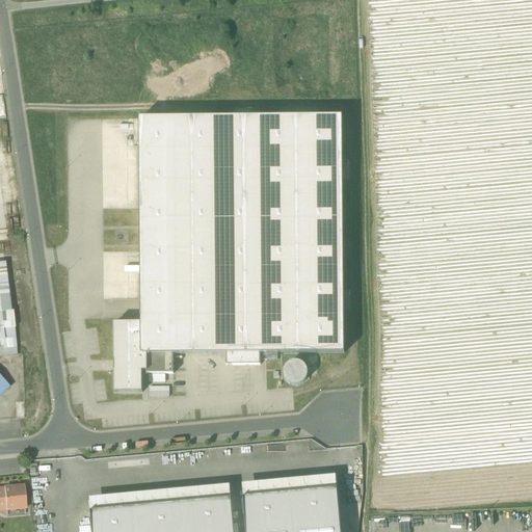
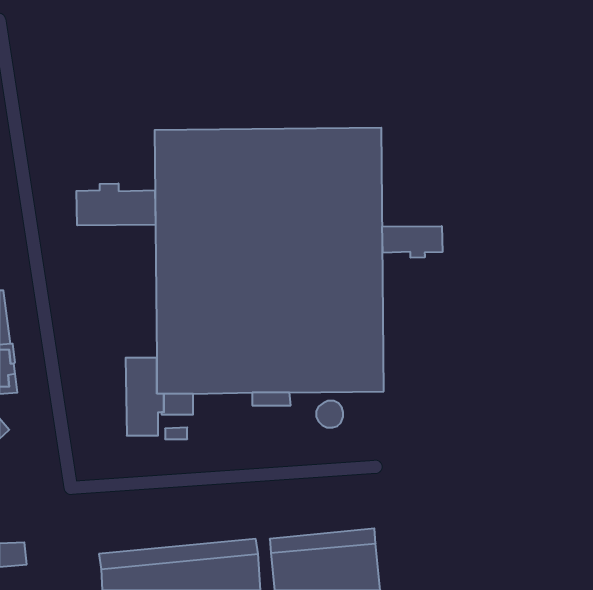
building: none -> [76,183,156,225]
building: none -> [382,226,442,258]

